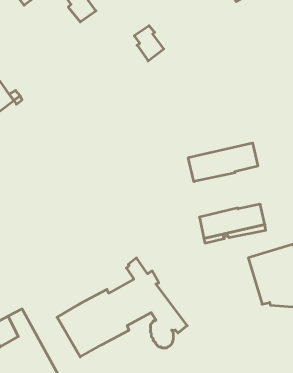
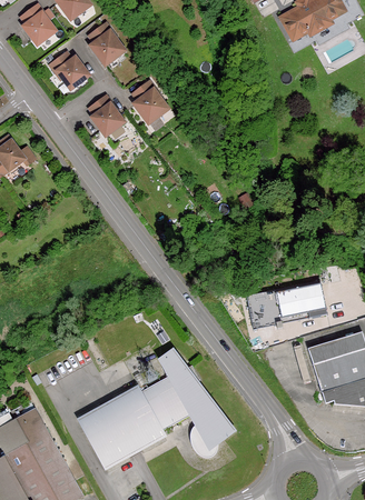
building: none -> [49,52,88,89]
building: [134,26,164,61] -> [131,81,167,123]
building: none -> [88,96,122,136]
building: [188,143,258,182] -> none

